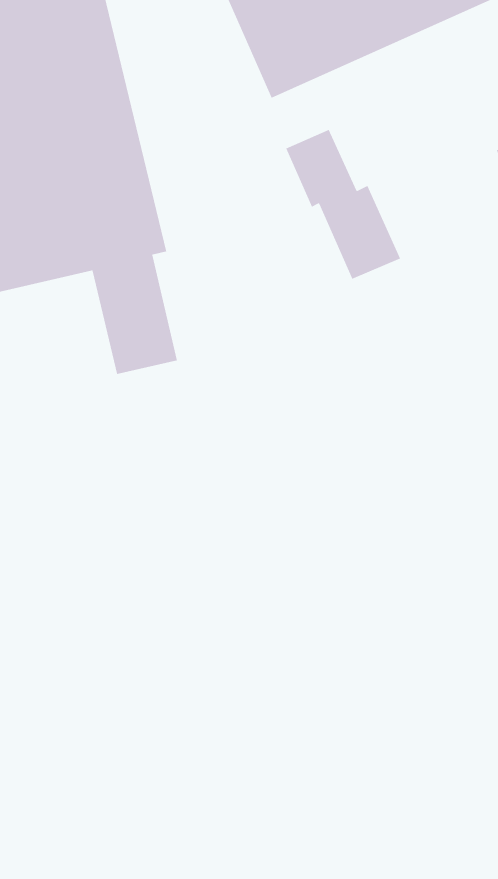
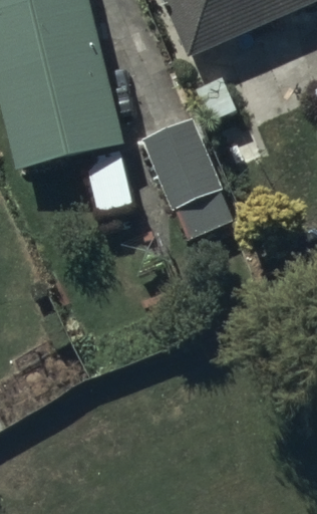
building: none -> [141,116,234,235]

